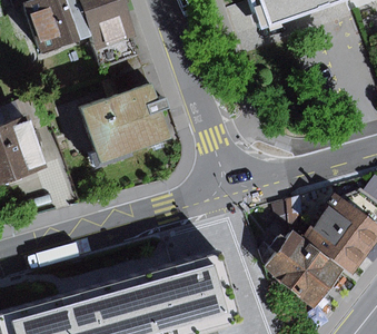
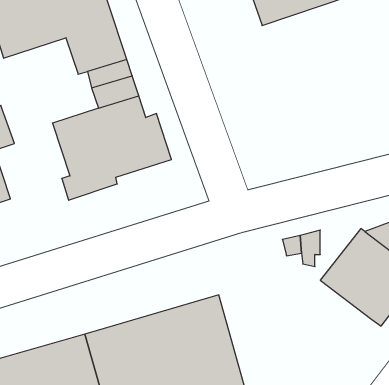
building: [264,228,344,306] -> none

